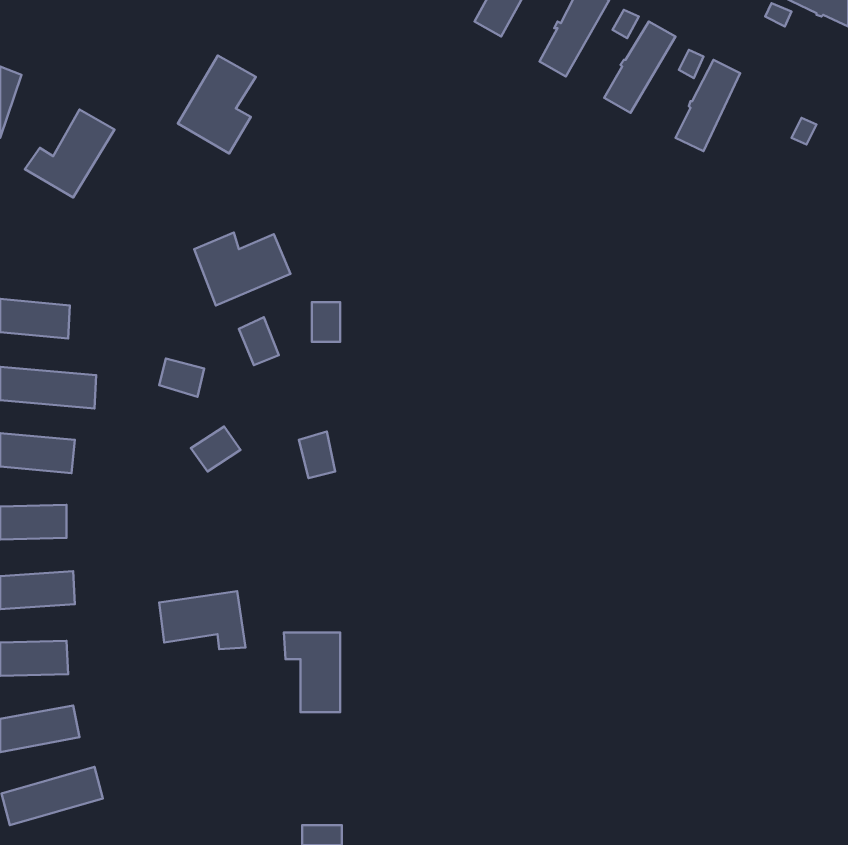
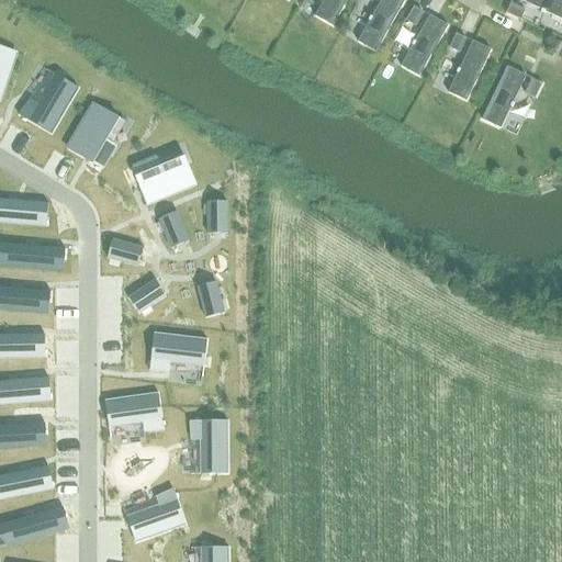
building: [178,55,256,153] -> [65,101,116,166]
building: none -> [481,65,525,127]
building: none -> [148,330,205,369]
building: none -> [126,487,184,541]

